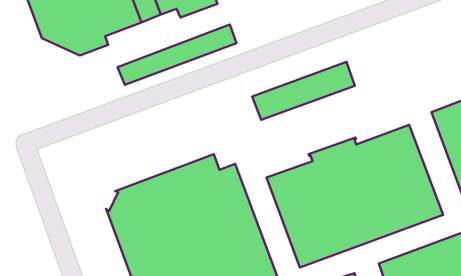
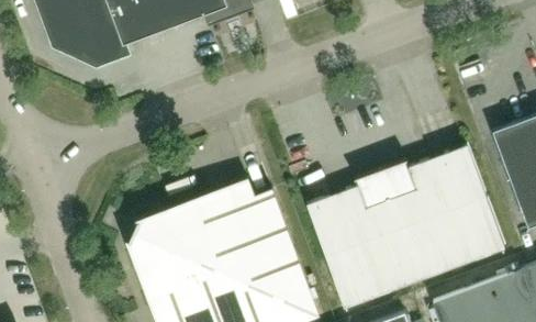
building: [118,25,236,85] -> none
building: [252,62,355,120] -> none

